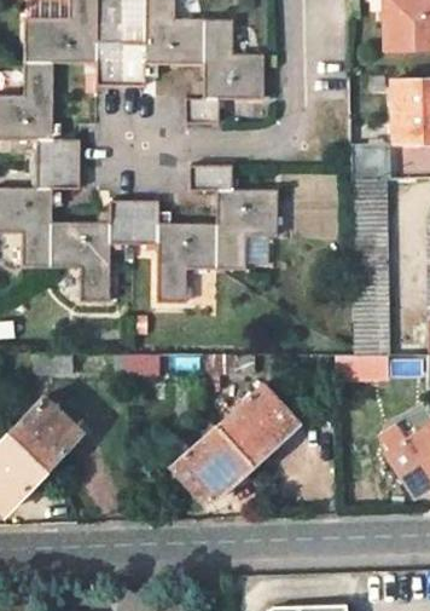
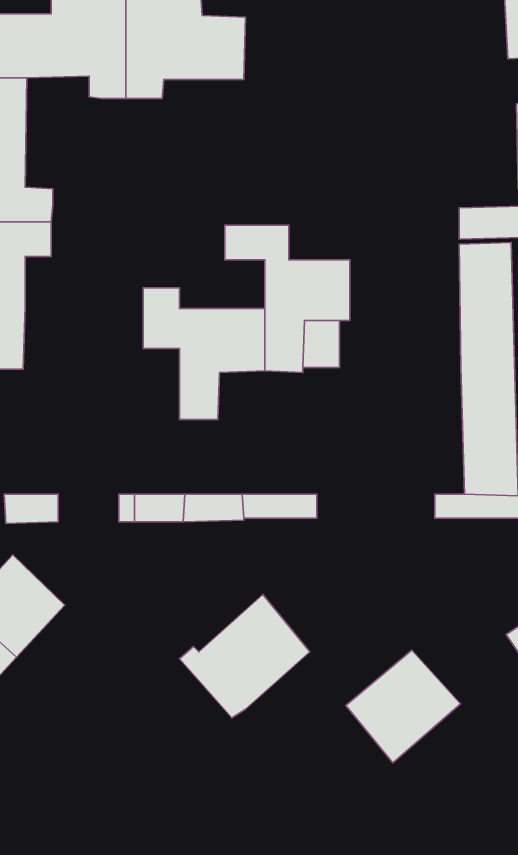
building: [187,21,263,123] -> none
building: [51,209,134,301] -> none
building: [217,385,297,463] -> [346,650,461,763]

